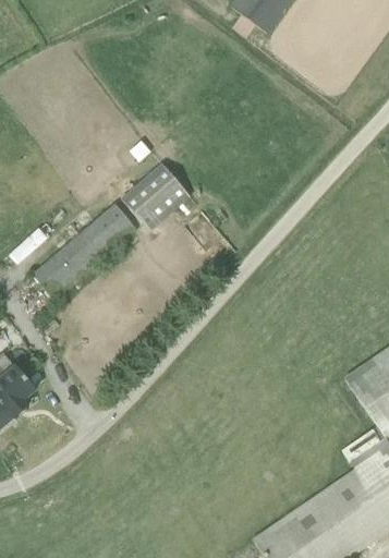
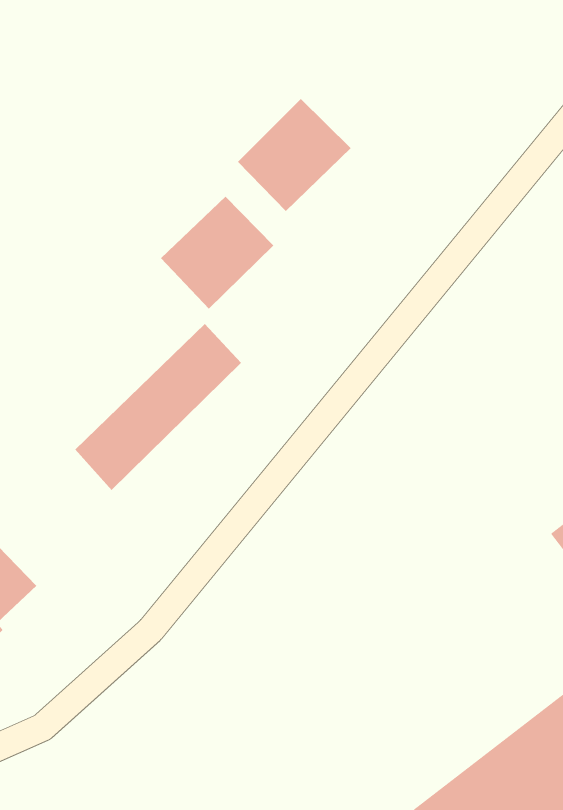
building: none -> [237,98,351,212]
building: [33,205,136,302] -> [74,323,242,491]

